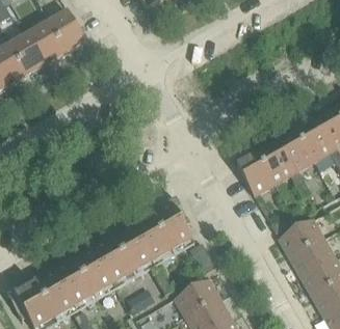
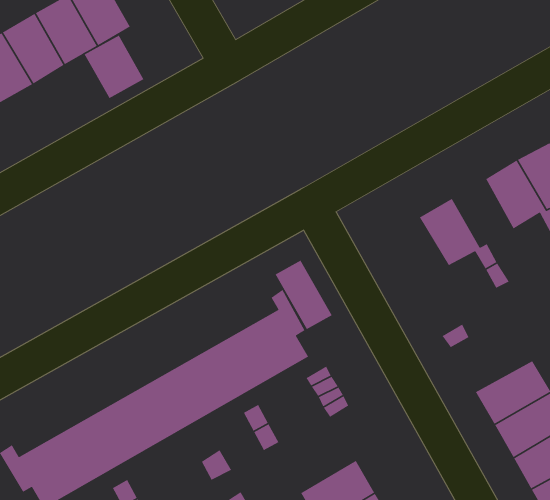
building: none -> [84,34,145,99]
building: [277,131,313,171] -> none
building: [237,154,274,194] -> none
building: none -> [275,260,333,330]
building: [279,218,324,257] -> none
building: [174,277,219,318] -> none

